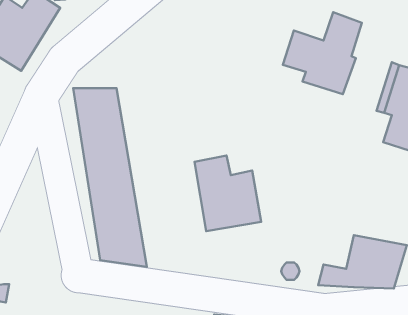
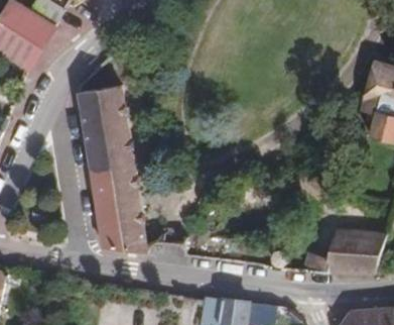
building: [283,12,362,94] -> none
building: [195,156,261,231] -> none

